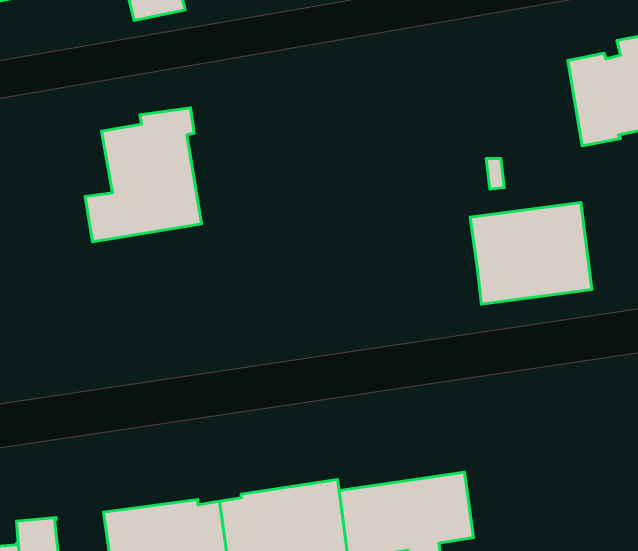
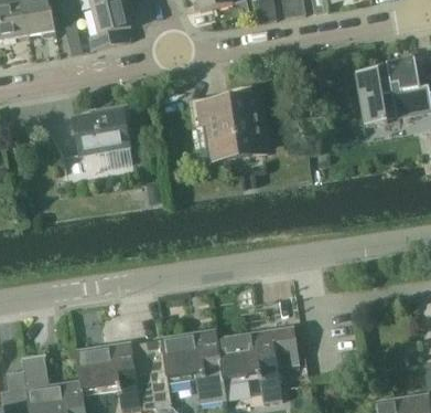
building: [470,203,592,304] -> [190,96,263,158]

